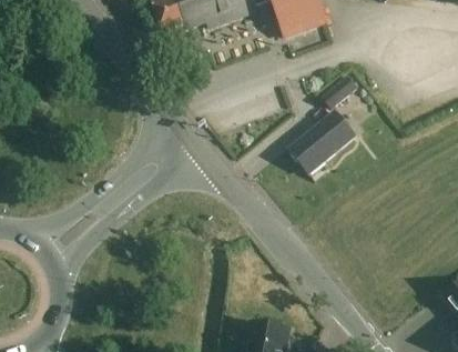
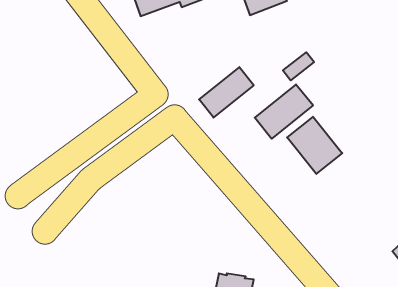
building: none -> [199,67,254,118]
building: none -> [287,117,342,174]

